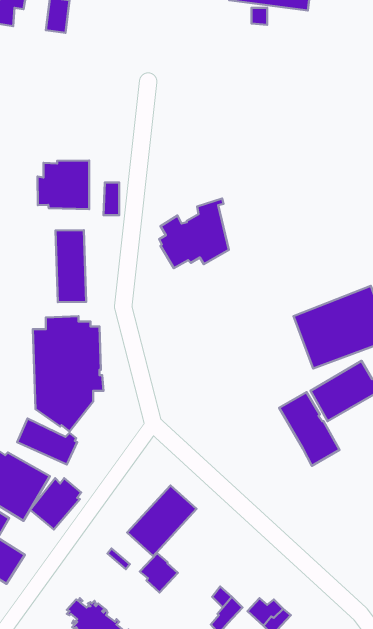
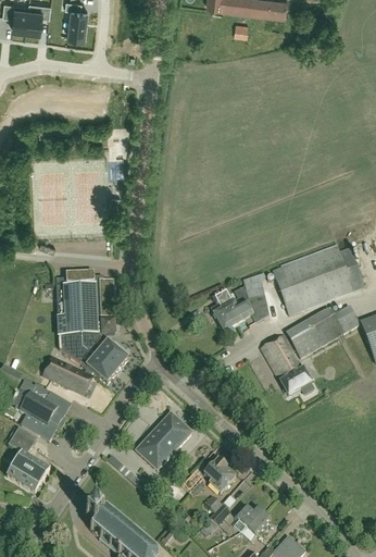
building: [38,160,89,209] -> none
building: [159,199,229,268] -> [212,273,270,331]
building: [56,230,86,302] -> none
building: [30,478,81,529] -> [87,341,129,383]
building: [140,553,178,592] -> [204,459,236,492]

